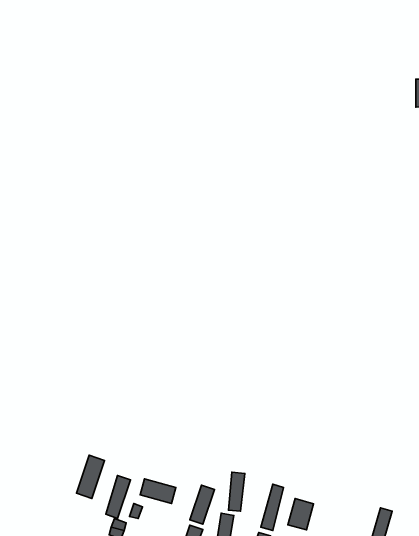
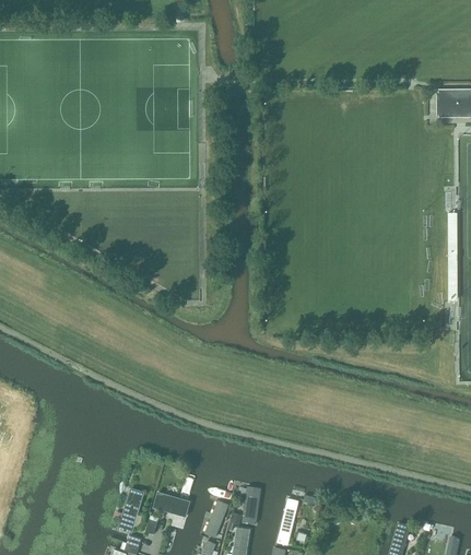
building: [76,455,105,499] -> none
building: [288,499,314,530] -> none

